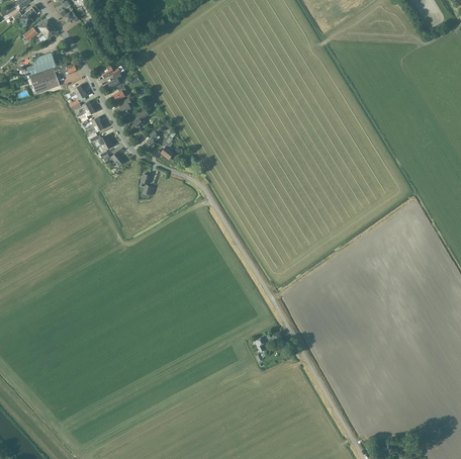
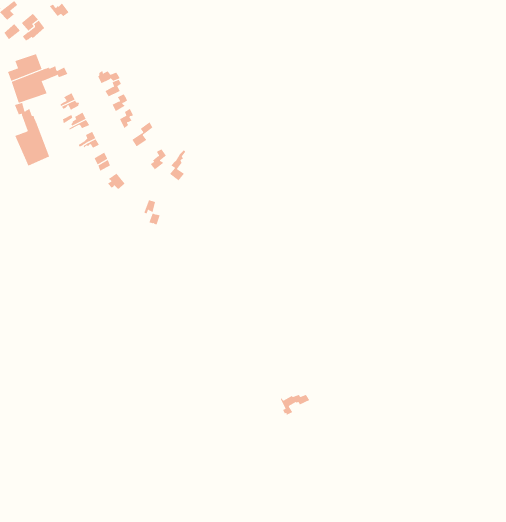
building: none -> [14,102,50,167]

